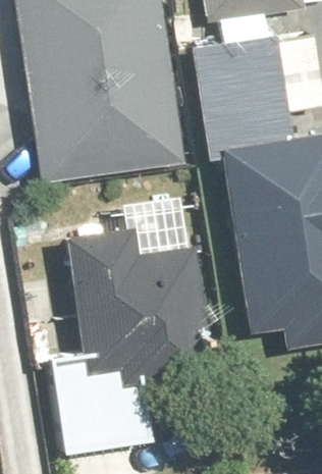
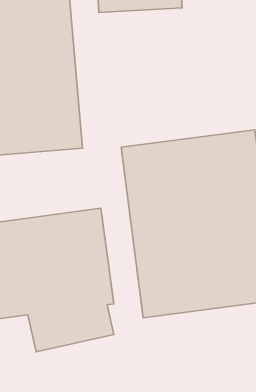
building: [141,54,276,140] -> none

